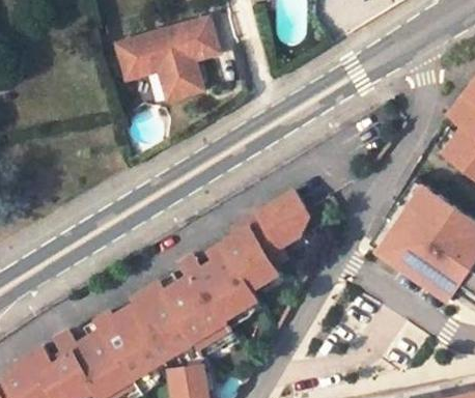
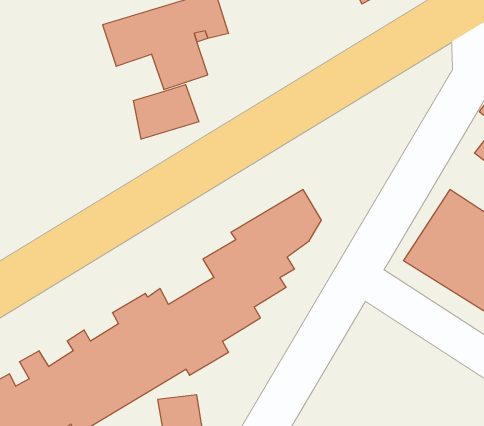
building: none -> [134,85,199,139]

